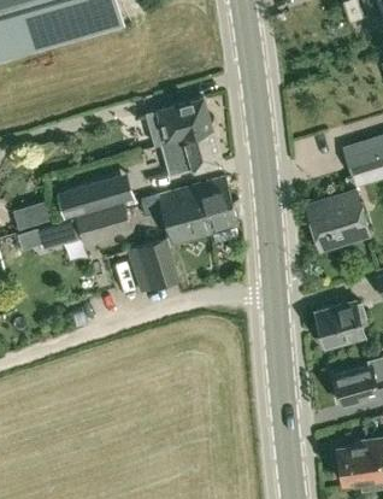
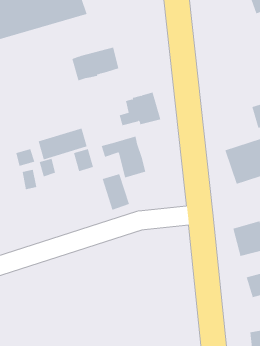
building: [146,99,210,145] -> [71,47,119,81]
building: [187,177,237,235] -> none
building: [76,210,110,242] -> none

